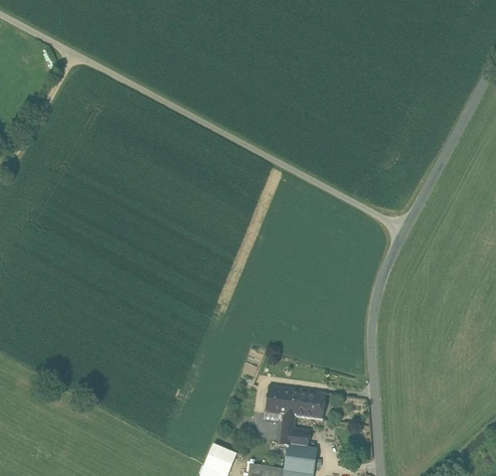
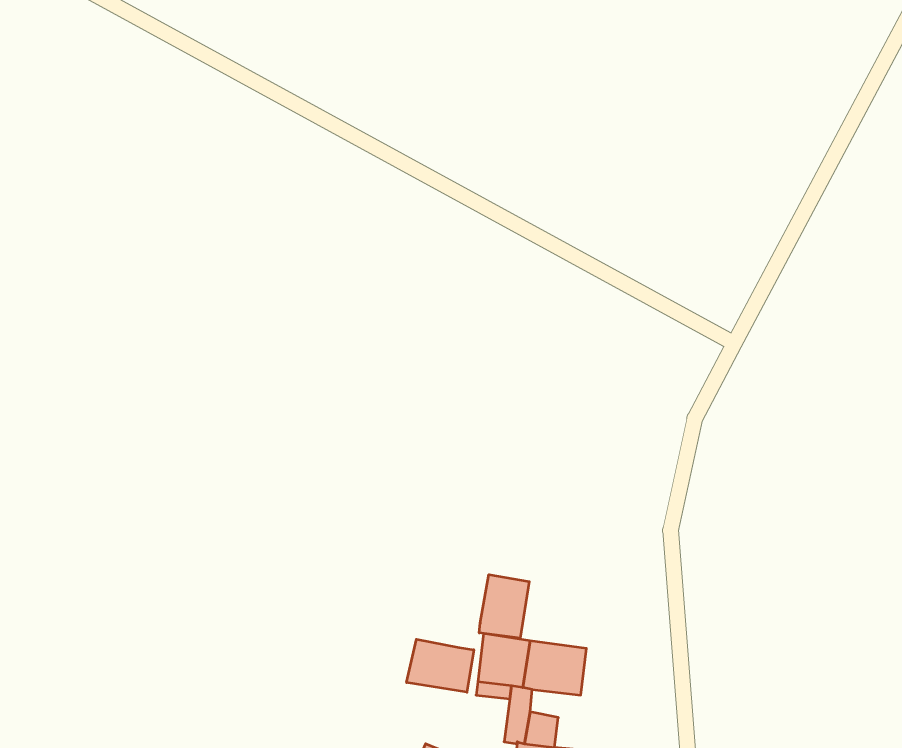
building: none -> [479,575,529,638]
building: none -> [407,639,474,692]

